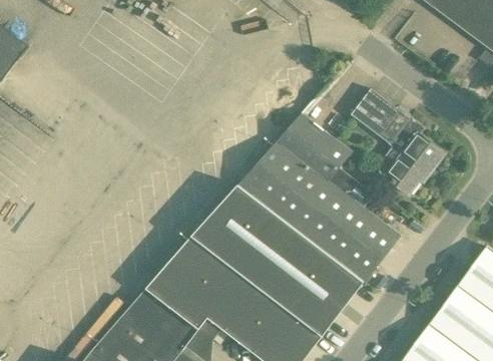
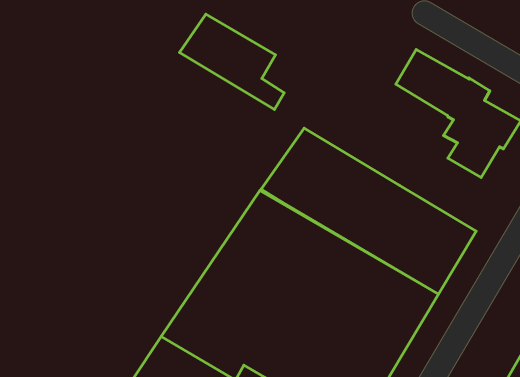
building: [277,113,354,194] -> [179,14,284,109]

